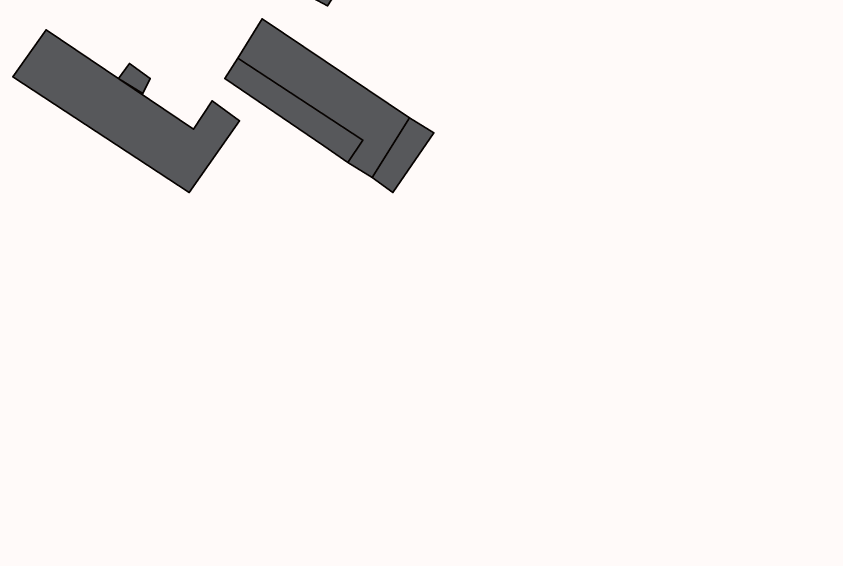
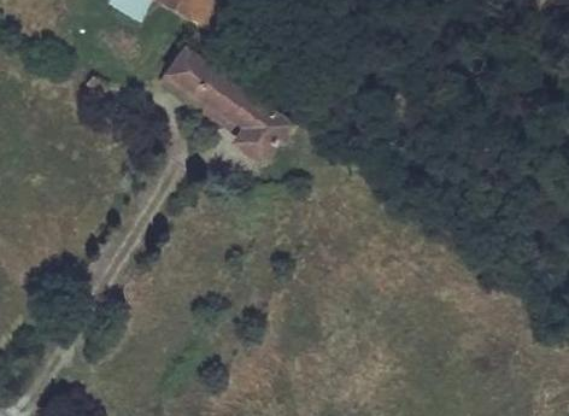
building: [13,30,240,193] -> none

